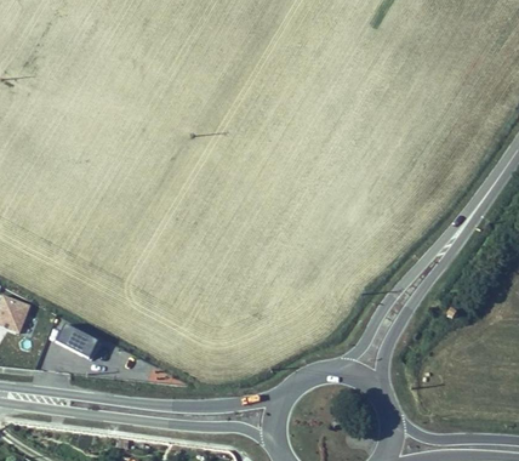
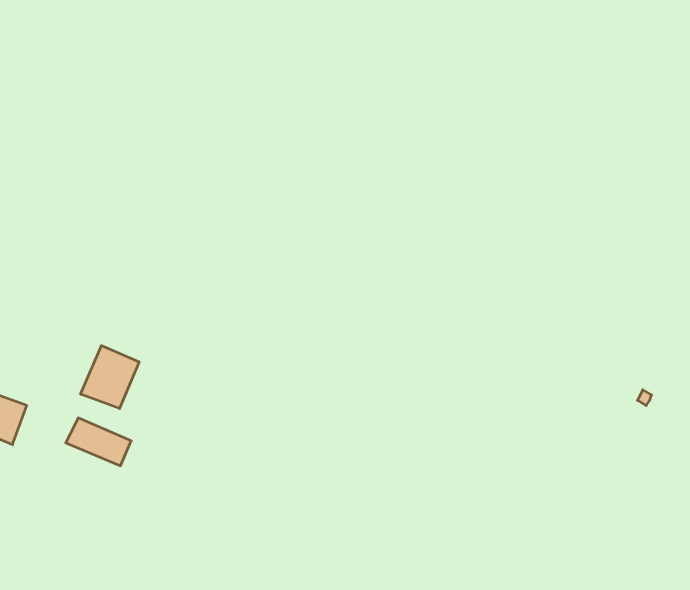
building: none -> [81,346,139,409]

